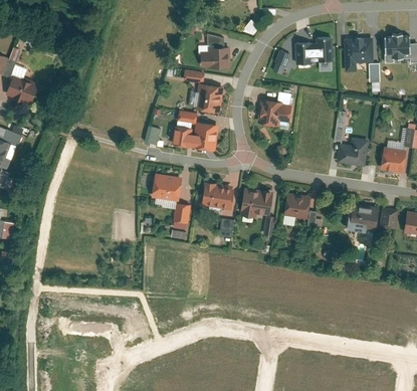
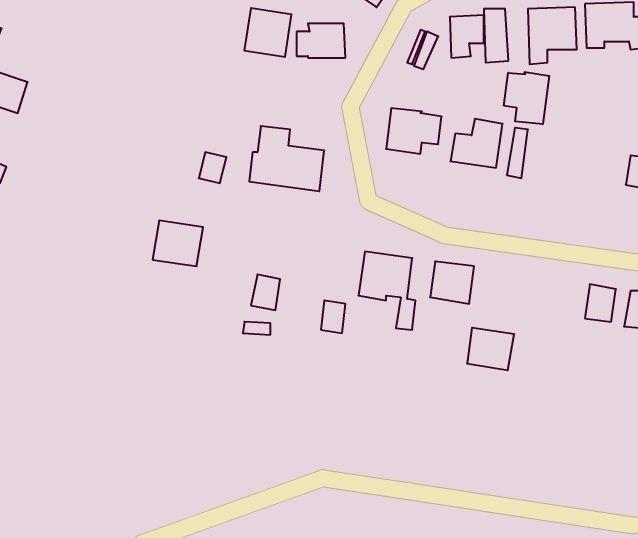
building: none -> [504,72,549,124]
building: [195,83,224,114] -> [244,8,292,57]
building: [336,136,368,166] -> [450,119,503,168]
building: [380,148,406,174] -> none
building: [151,173,182,201] -> [153,221,203,266]
building: [200,182,234,211] -> none
building: [350,206,379,232] -> [467,328,514,370]

